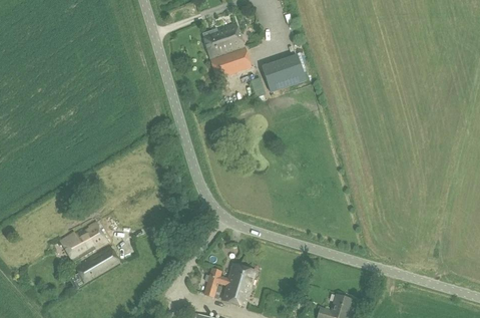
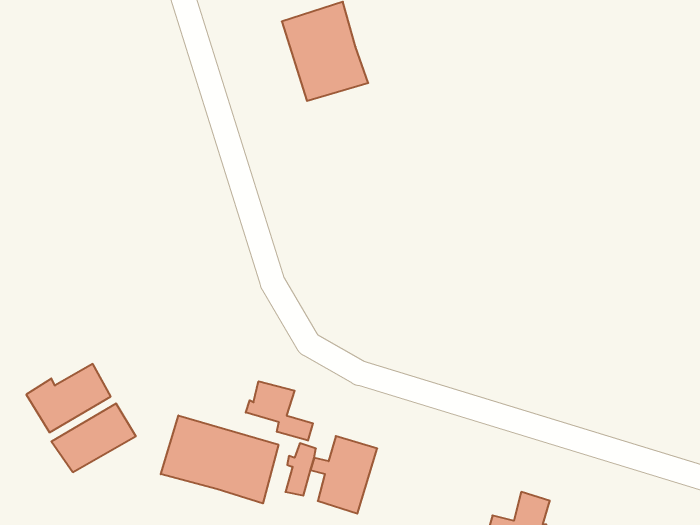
building: [262,54,305,89] -> none
building: none -> [246,381,313,441]
building: none -> [161,415,278,503]

